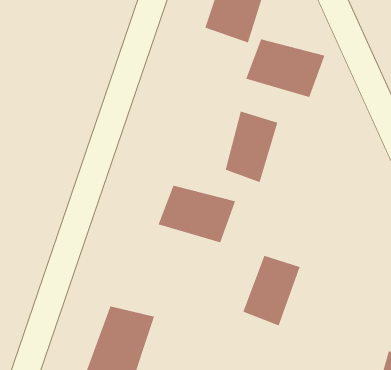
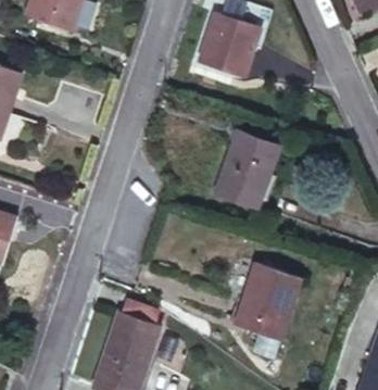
building: [245,39,325,98] -> none
building: [158,185,236,243] -> none

